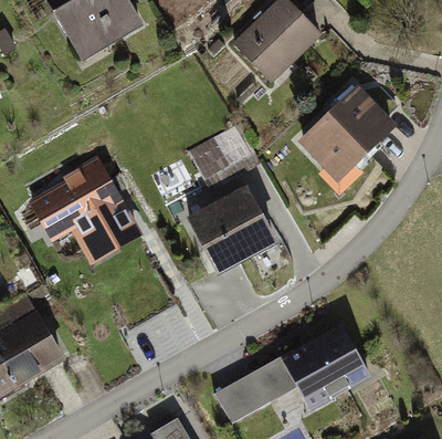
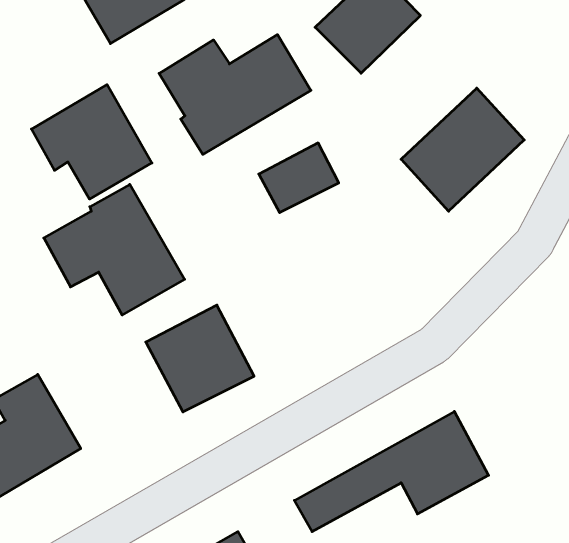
building: none -> [159,35,311,154]
building: none -> [31,85,152,199]
building: [190,191,271,271] -> [146,305,254,412]

